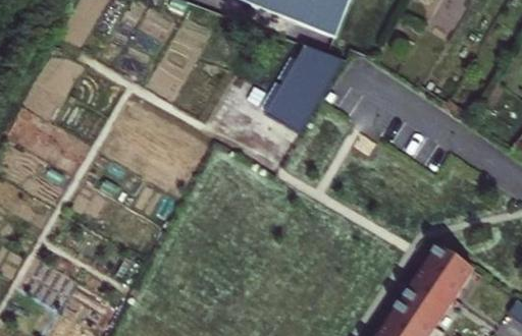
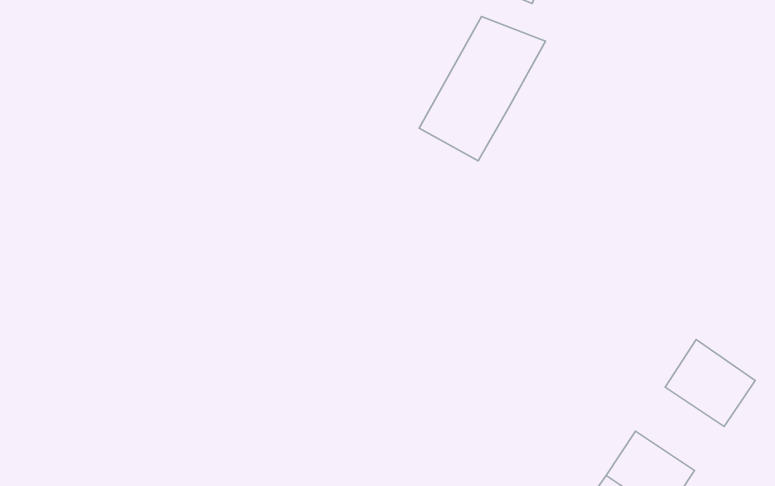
building: [398,274,453,326] -> none

